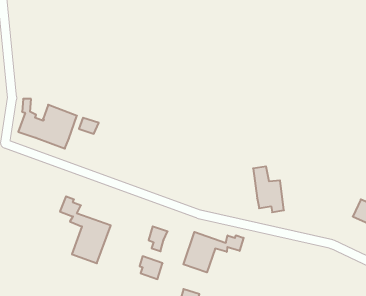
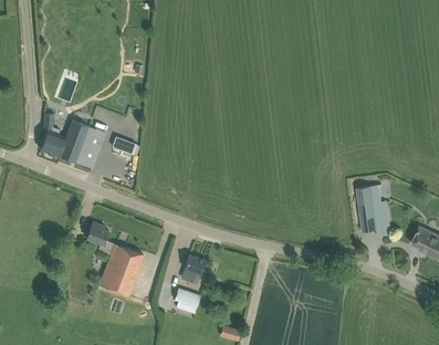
building: [253,166,284,212] -> [356,186,390,237]
building: [183,232,244,272] -> none

